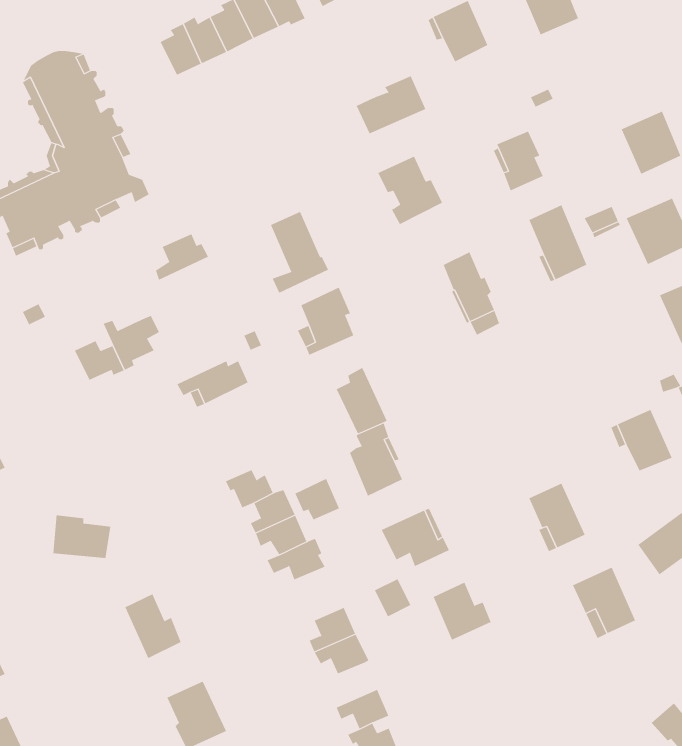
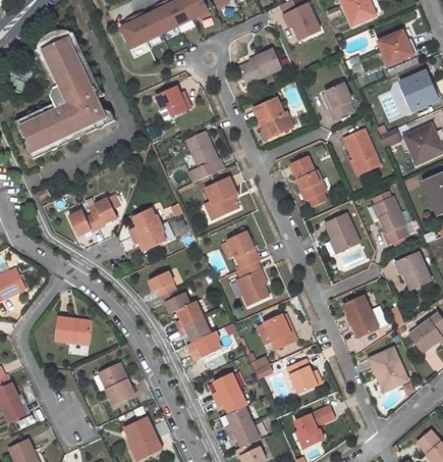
building: none -> [378,31,412,64]
building: none -> [155,86,190,115]
building: [155,233,209,280] -> [128,208,161,237]
building: none -> [368,196,406,243]
building: none -> [326,213,359,255]
building: [295,478,340,520] -> [149,270,176,296]
building: none -> [293,404,333,446]
building: none -> [224,406,253,433]

